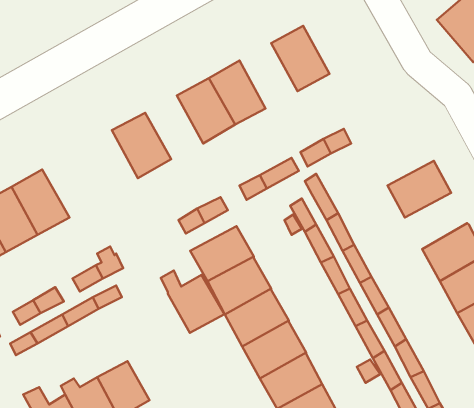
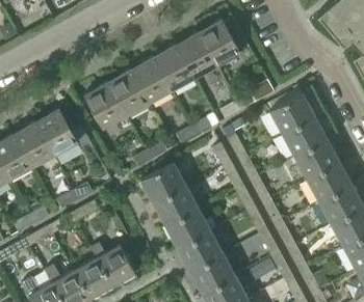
building: none -> [176,32,217,79]
building: none -> [108,70,150,115]
building: none -> [269,93,315,134]
building: none -> [34,109,78,157]
building: none -> [294,139,339,180]
building: [161,271,225,333] -> [90,243,136,287]

